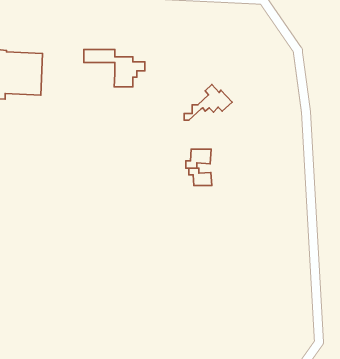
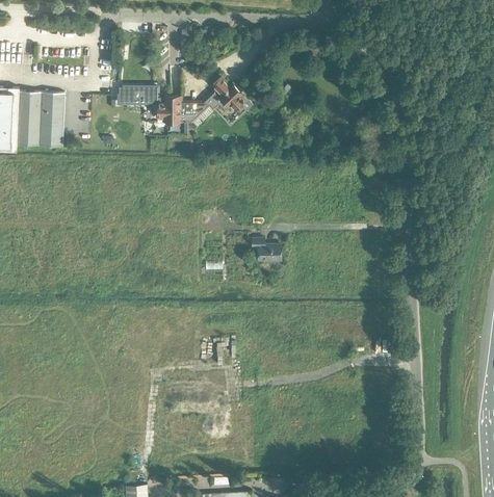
building: [184,84,232,120] -> [185,76,246,122]
building: [186,149,211,168] -> none

